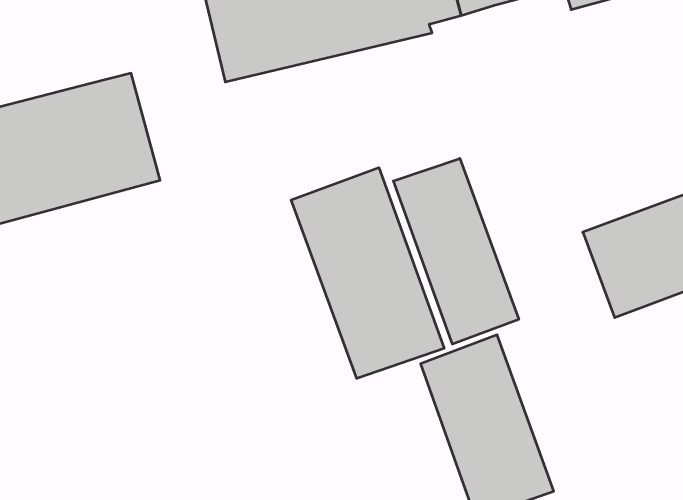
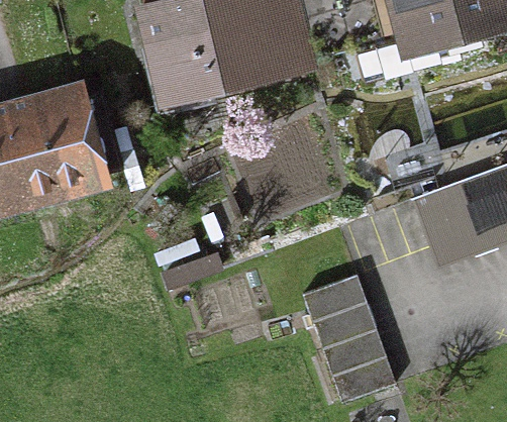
building: [393,158,519,344] -> none
building: [291,168,444,378] -> none

